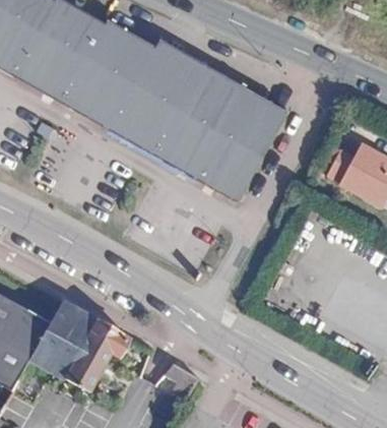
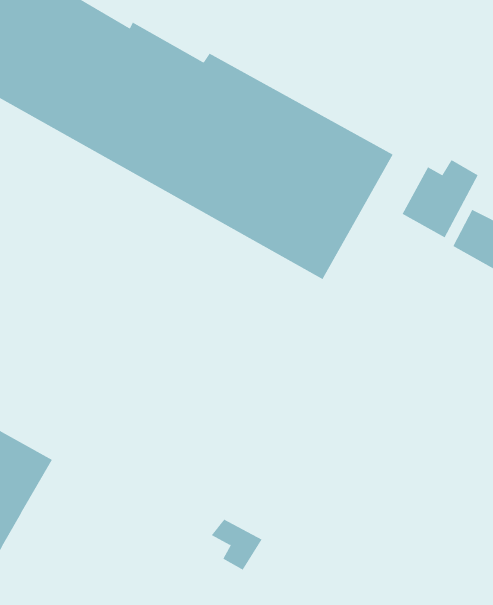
building: none -> [402,159,478,238]
building: [30,302,130,393] -> none

